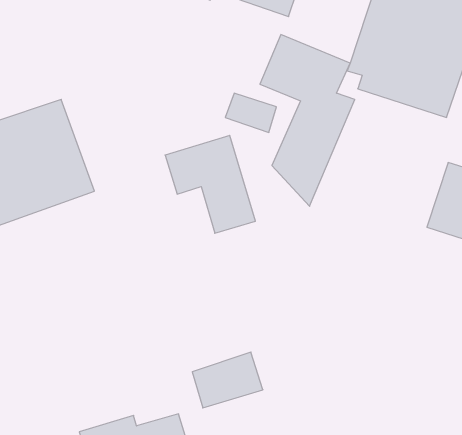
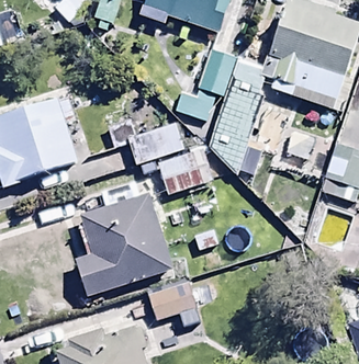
building: none -> [76,195,177,296]

